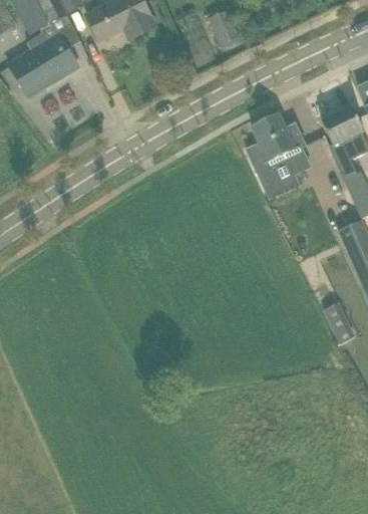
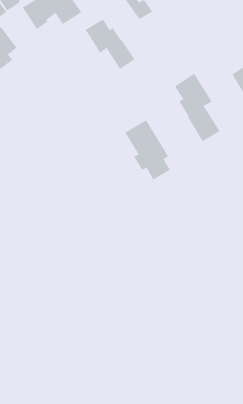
building: none -> [85,18,135,70]
building: none -> [125,120,171,181]

